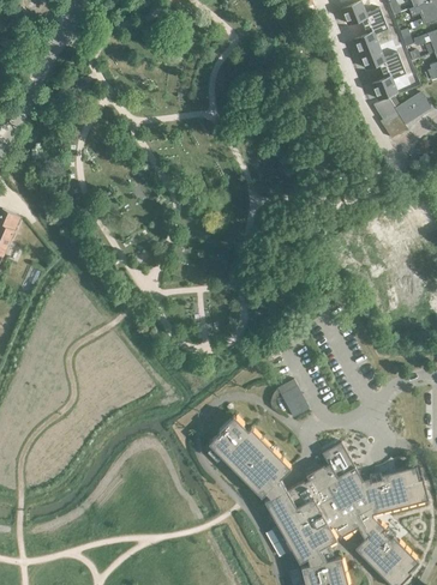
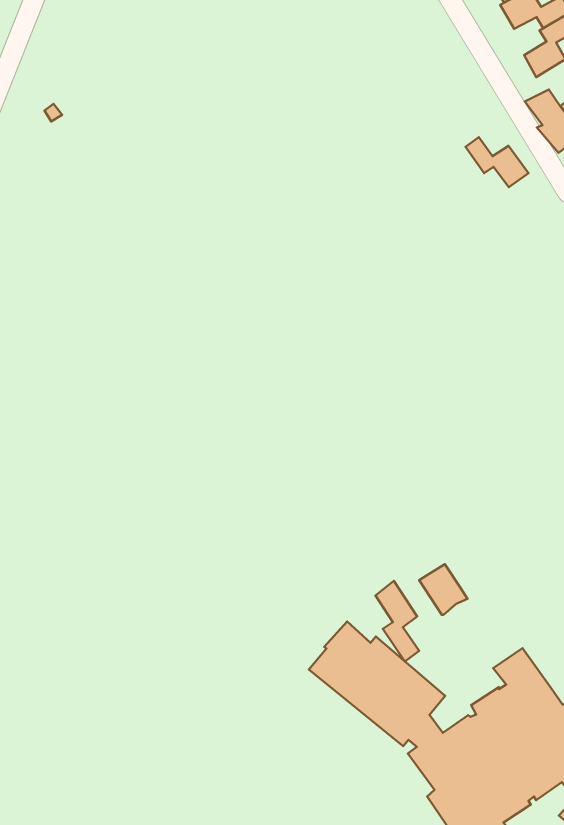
building: none -> [465,137,529,187]
building: none -> [375,581,419,661]

